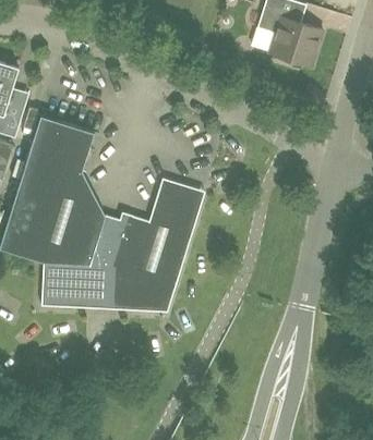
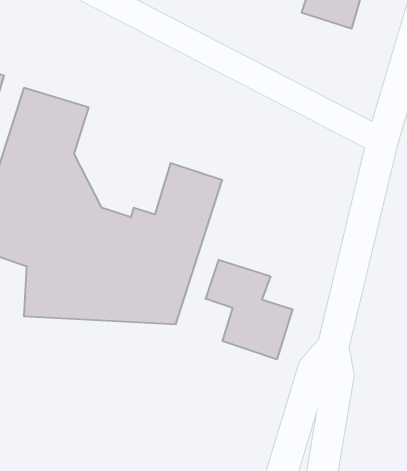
building: none -> [206,260,293,359]

